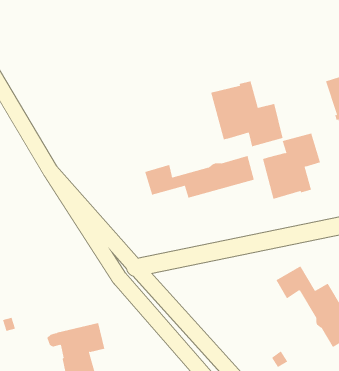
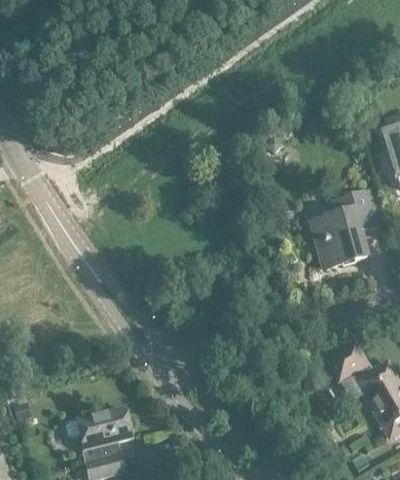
building: [210,80,283,147] -> none
building: [144,155,255,199] -> none

